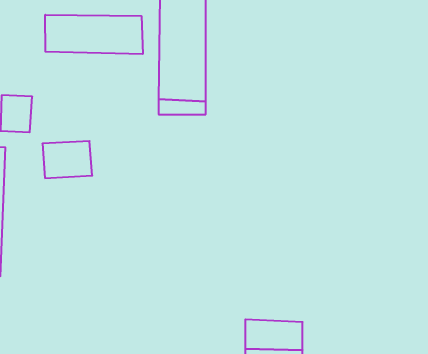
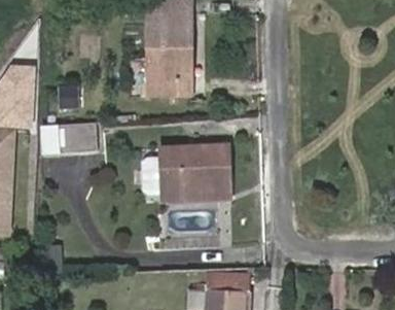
building: [45,15,143,54] -> none
building: none -> [148,140,237,188]

